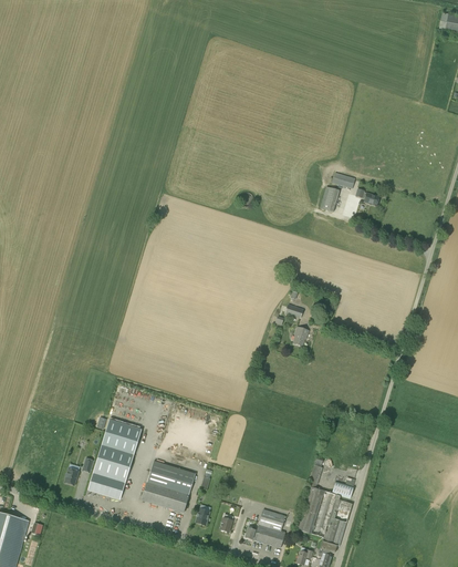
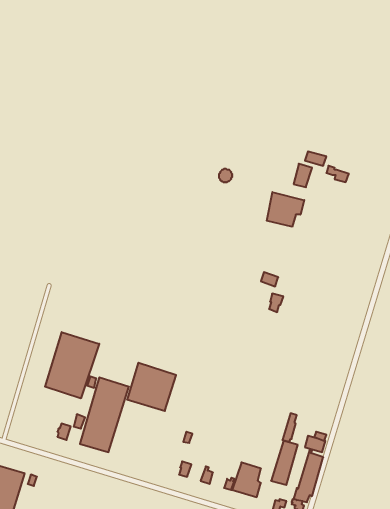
building: none -> [267,192,304,227]
building: none -> [45,332,99,398]
building: [142,461,195,513] -> [127,363,176,411]

